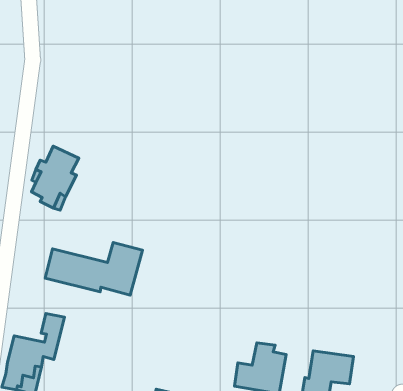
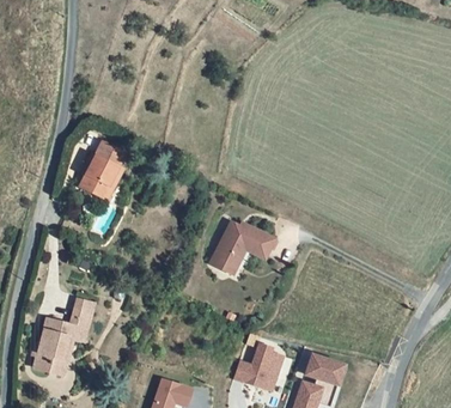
building: none -> [211,227,273,274]
building: [45,242,143,295] -> none

